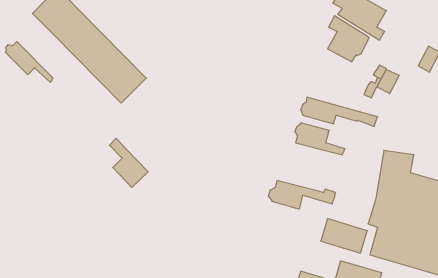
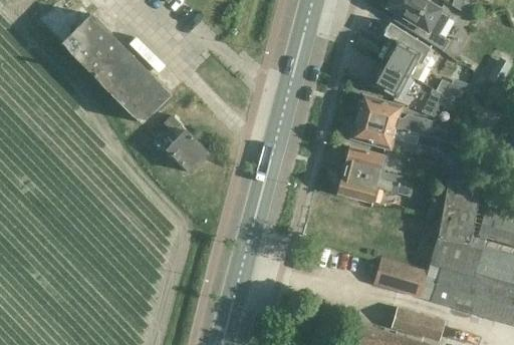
building: [6,42,53,82] -> none
building: none -> [369,60,411,98]
building: none -> [358,96,449,141]
building: [109,138,148,187] -> [165,115,210,172]
building: [268,181,336,209] -> [335,169,414,203]

